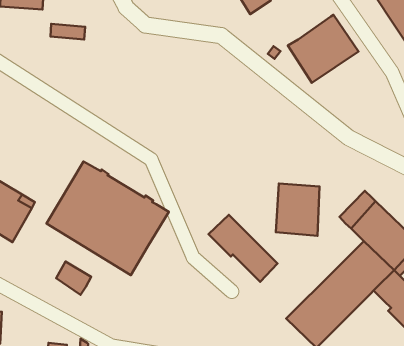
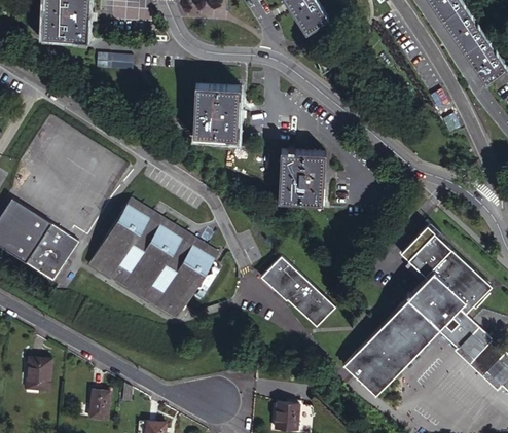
building: [288,15,359,83] -> none
building: none -> [192,84,241,140]
building: [276,184,320,236] -> [278,152,324,208]
building: [56,262,91,295] -> none

